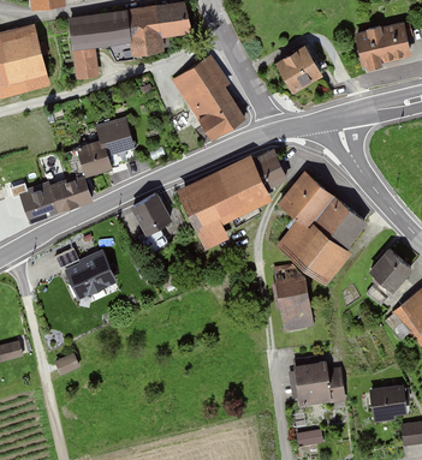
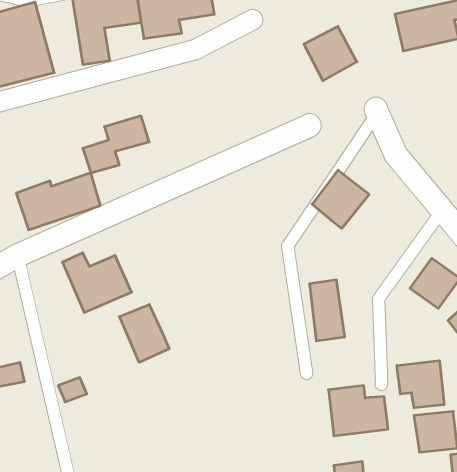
building: [172,55,244,141] -> none
building: [174,149,287,251] -> none
building: [132,191,173,232] -> none
building: [278,193,362,273] -> none
building: none -> [119,304,169,362]
building: none -> [397,361,444,408]

